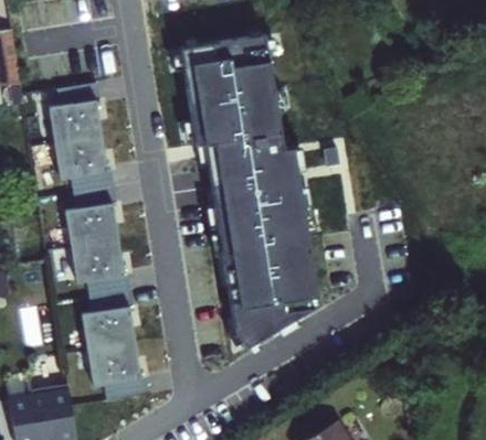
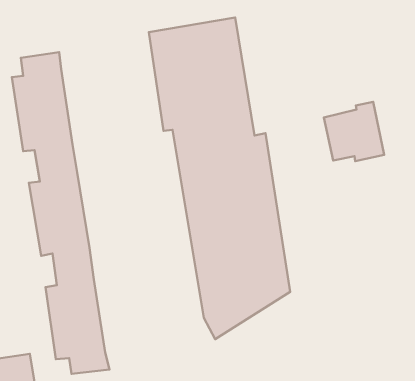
building: none -> [324,102,384,161]

